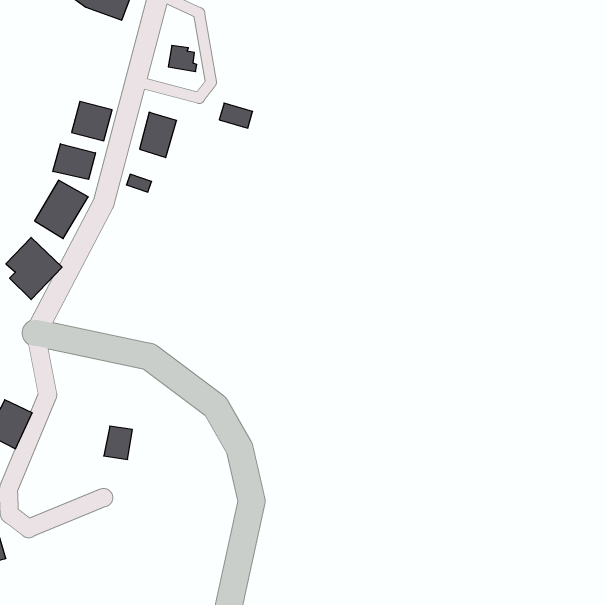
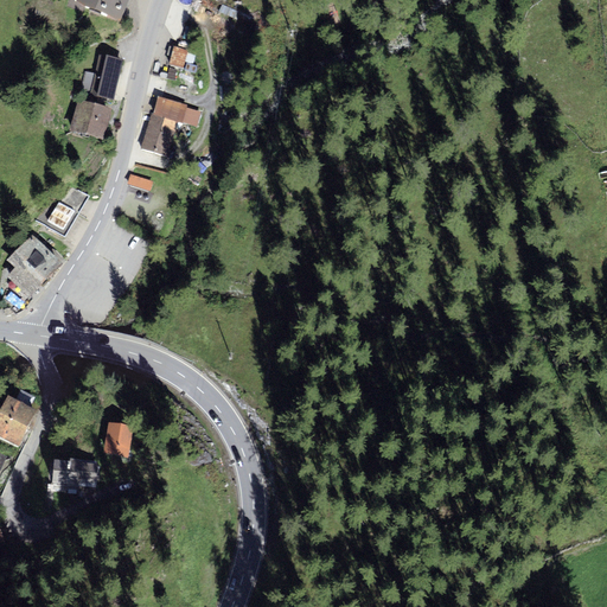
building: none -> [89,55,122,97]
building: [219,103,253,128] -> [152,96,185,121]
building: [53,144,95,179] -> none
building: none -> [50,458,94,484]

